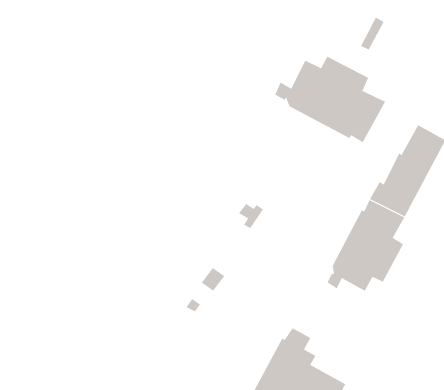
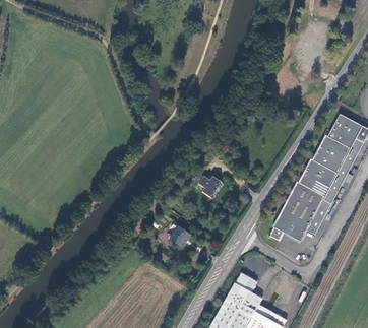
building: [275,56,386,143] -> none

